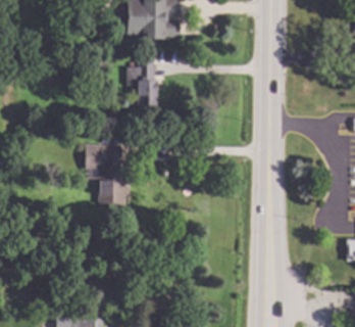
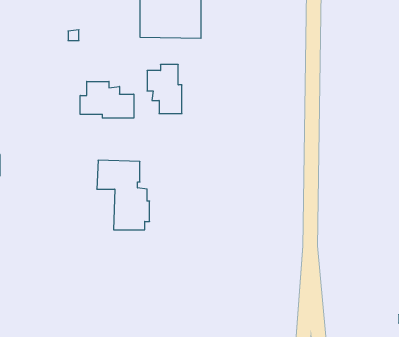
building: none -> [80,81,134,118]

